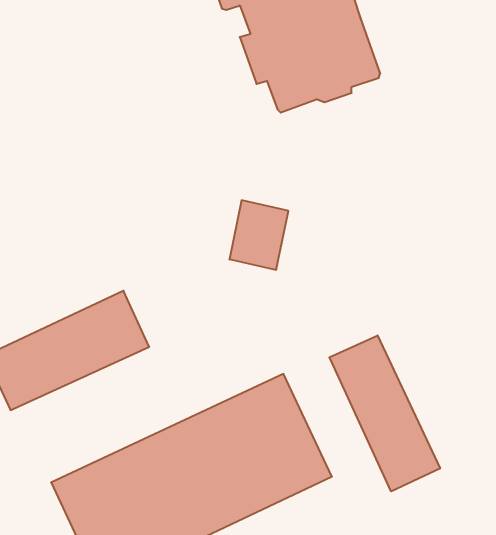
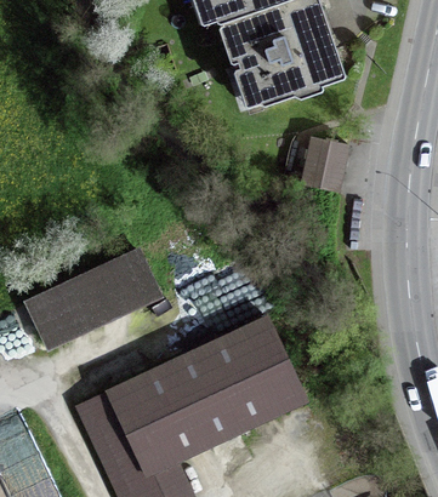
building: [229,200,288,270] -> [300,138,347,194]
building: [329,335,440,491] -> none

